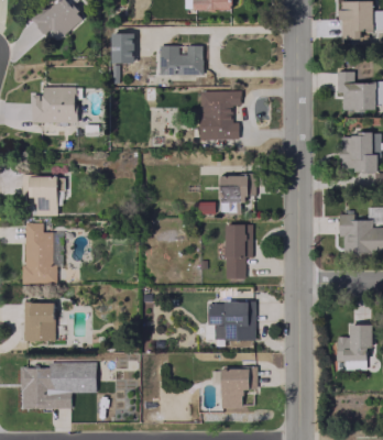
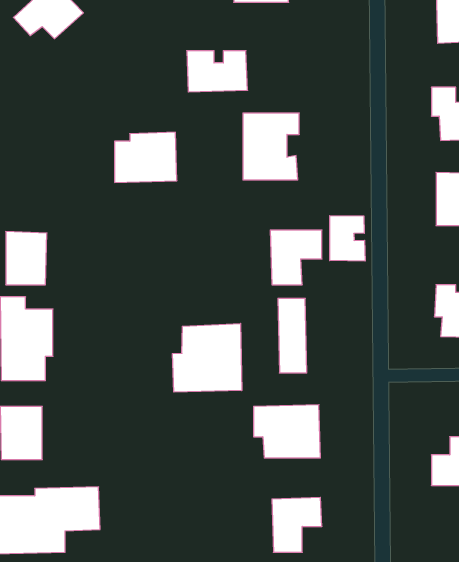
building: [111,33,134,64] -> none
building: [32,87,77,123] -> [115,132,177,182]
building: none -> [330,216,365,261]
building: none -> [172,323,242,392]

